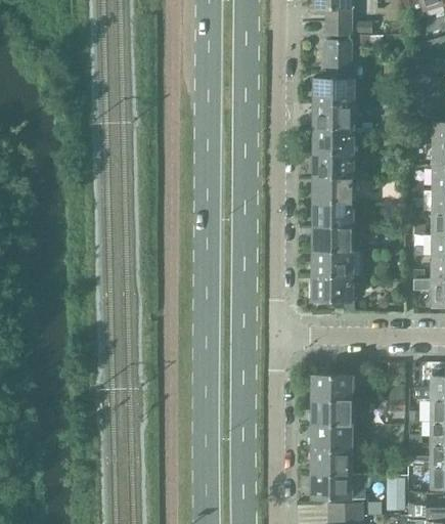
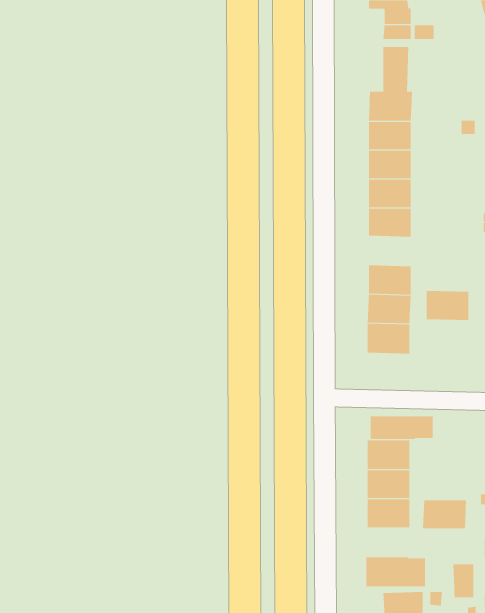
building: [314,201,351,226] -> [426,290,469,321]
building: none -> [370,416,433,440]
building: [312,448,350,473] -> [422,500,467,529]

